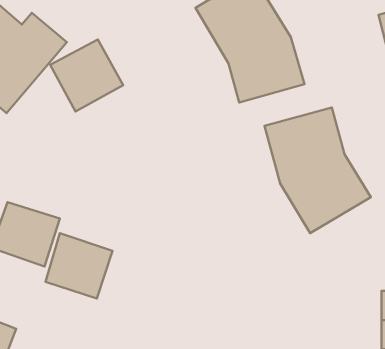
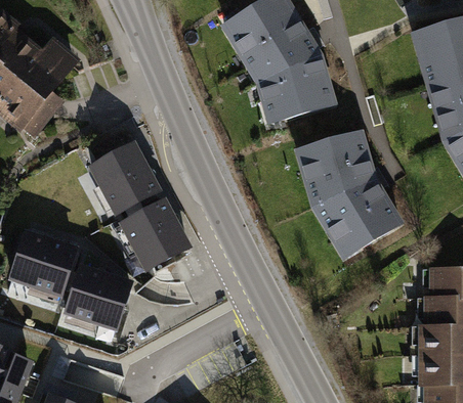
building: [50,39,123,112] -> [86,141,163,217]
building: none -> [118,197,193,272]

